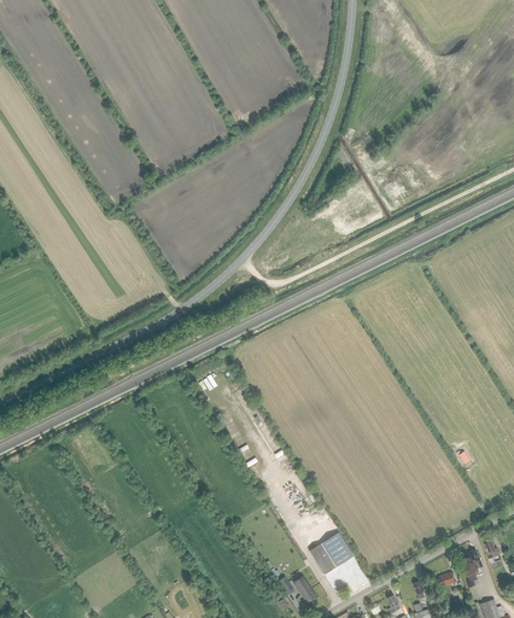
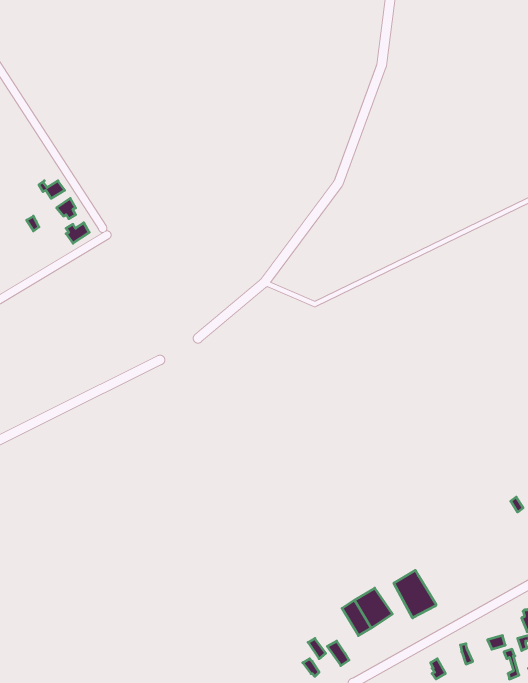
building: none -> [394,570,436,618]

